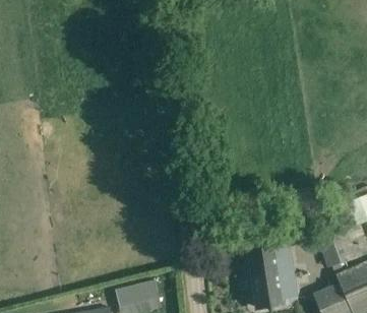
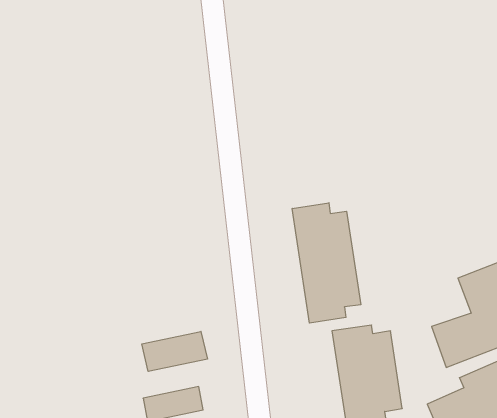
building: none -> [292,203,361,323]
building: none -> [142,331,207,371]

